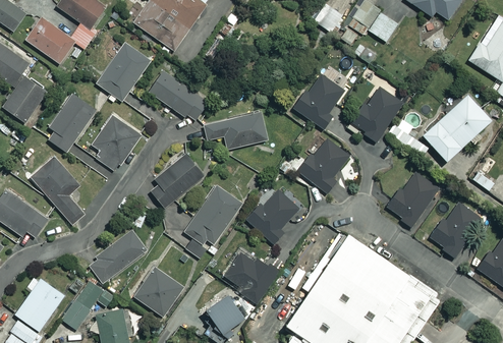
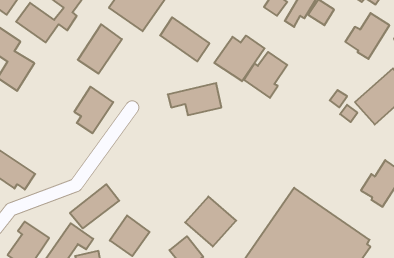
building: none -> [214,36,265,81]
building: [149,70,207,122] -> [160,17,209,61]
building: [349,87,401,140] -> [345,13,389,59]
building: [44,93,96,151] -> none
building: [297,138,349,192] -> none
building: [151,153,204,207] -> none
building: [30,157,82,223] -> none
building: [386,171,439,224] -> none
building: [184,185,241,258] -> none
building: [243,189,298,245] -> none

